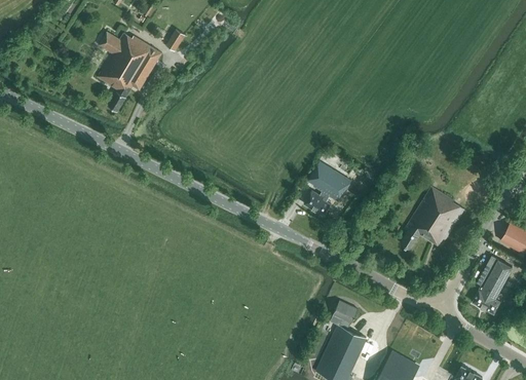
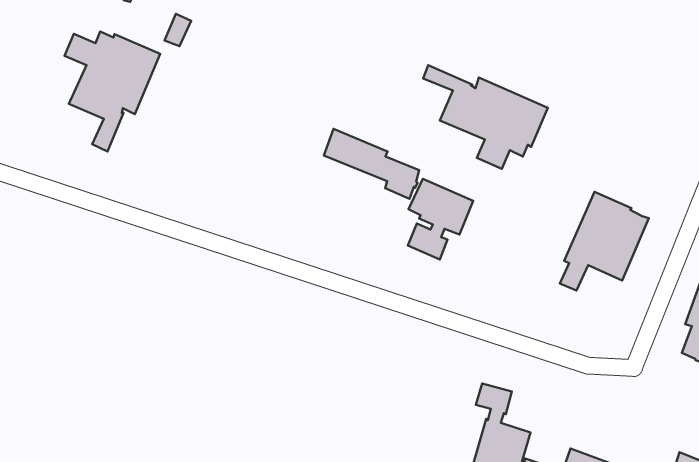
building: none -> [423,65,548,169]
building: none -> [324,129,419,199]

